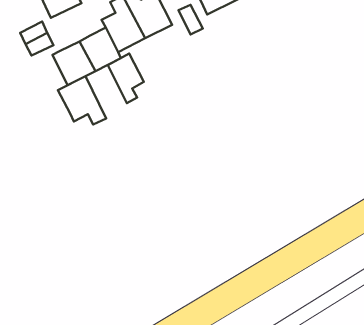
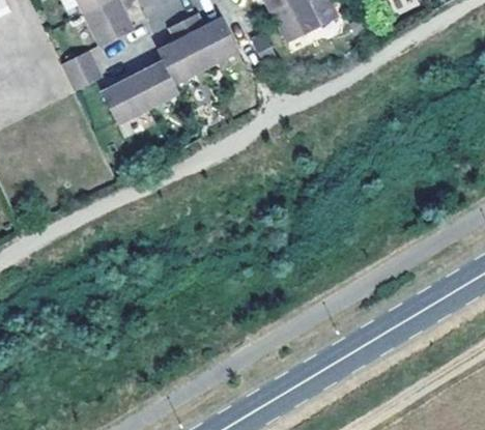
building: [108,54,144,103] -> none
building: [58,76,106,124] -> none

